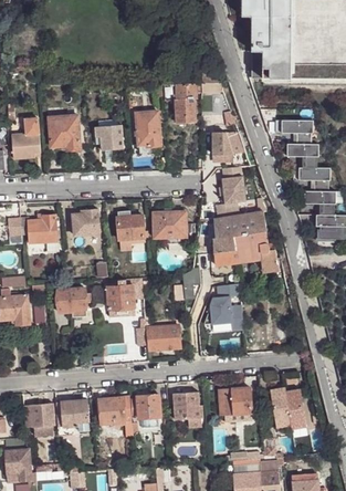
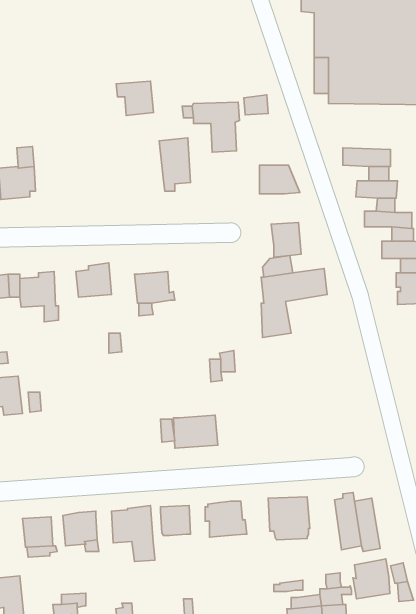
building: [48,115,80,150] -> none
building: [94,125,123,152] -> [116,81,153,115]
building: [153,211,186,238] -> none
building: [232,232,277,272] -> none
building: [106,276,144,315] -> none
building: [198,283,243,331] -> none
building: [56,288,85,313] -> none
building: none -> [353,559,390,599]

